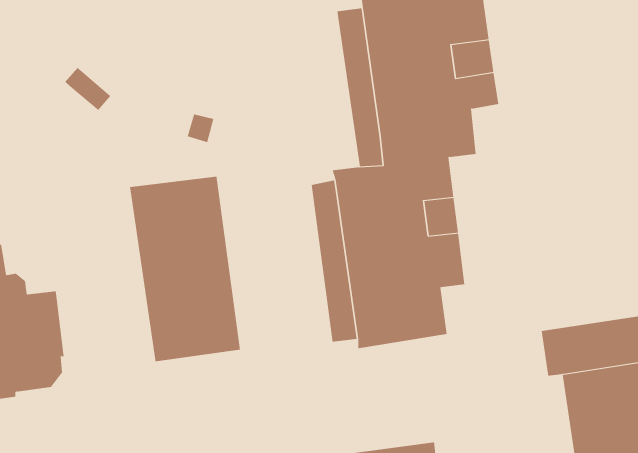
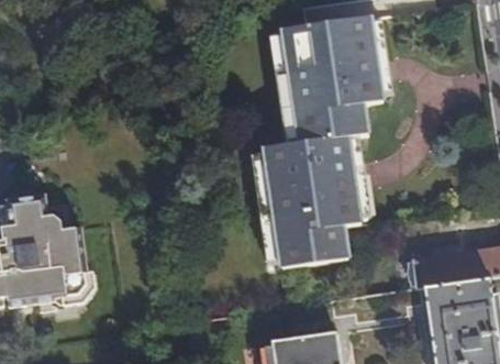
building: [130,176,241,362] -> none

